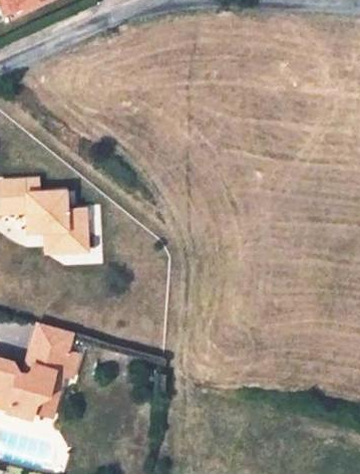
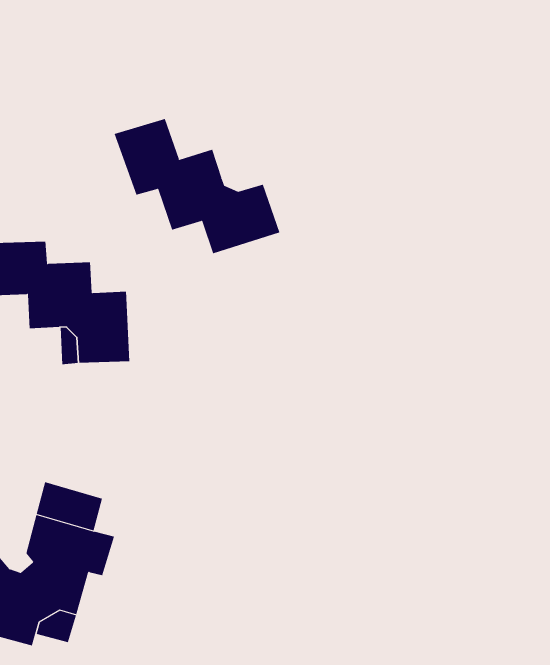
building: none -> [114,118,280,254]

